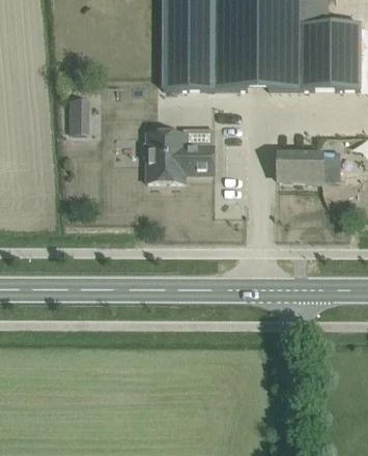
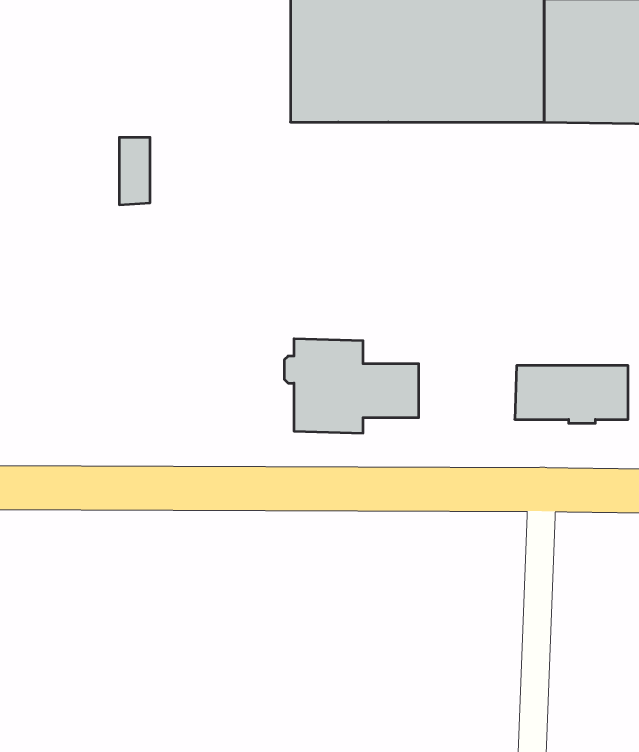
building: [142,131,215,181] -> [284,339,419,433]
building: [278,150,339,181] -> [515,366,628,423]

